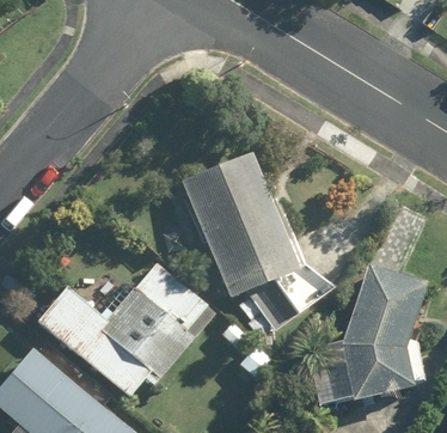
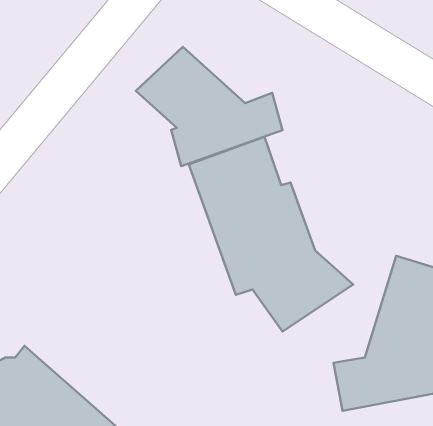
building: none -> [136,47,282,166]
building: [36,262,213,396] -> none

